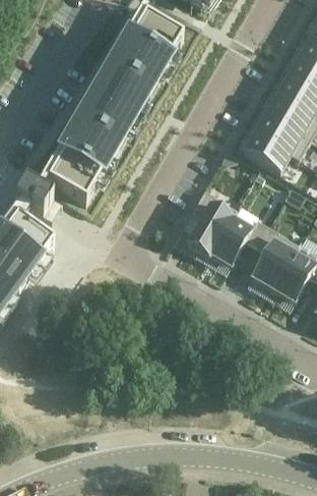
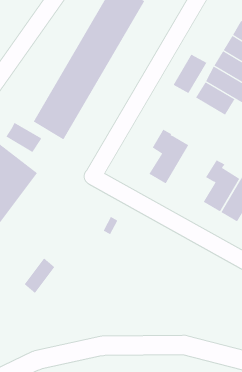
building: none -> [168,54,207,94]
building: [206,208,266,265] -> none
building: none -> [24,258,55,294]

